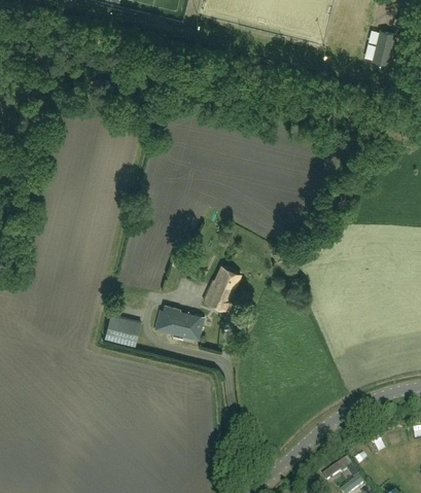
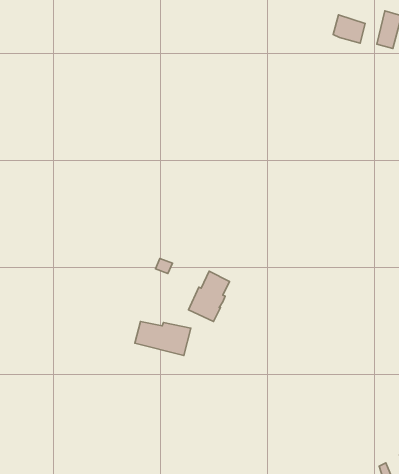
building: none -> [333,15,365,43]
building: [105,315,140,345] -> none

